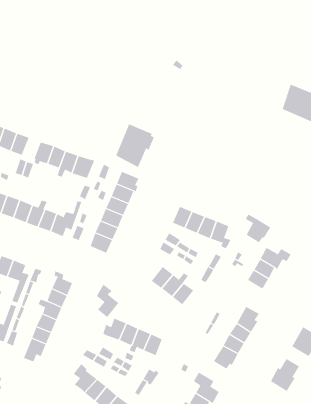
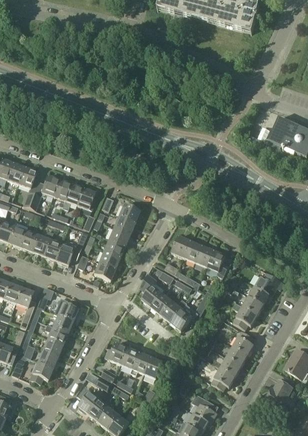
building: [115,124,155,168] -> none
building: [245,214,271,243] -> [233,301,258,329]
building: [95,283,119,318] -> [140,273,163,306]

